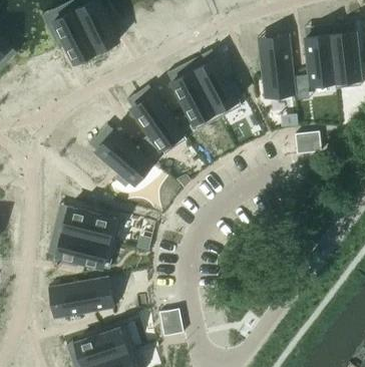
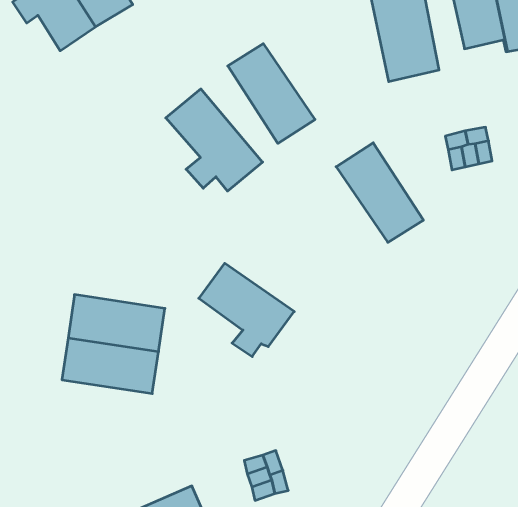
building: [193,57,241,116] -> [336,143,423,242]
building: [96,130,151,187] -> [199,263,294,357]
building: [57,276,113,316] -> none

